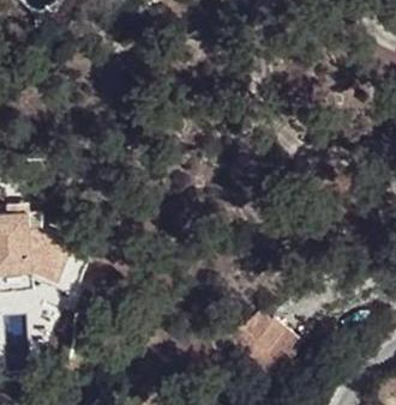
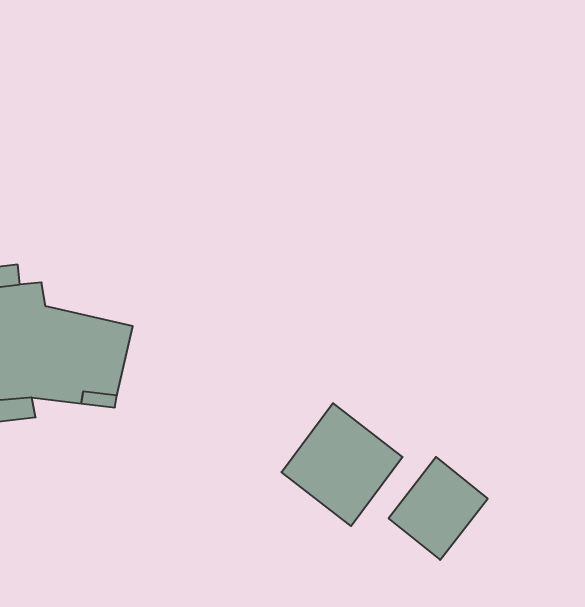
building: none -> [281,403,403,526]

